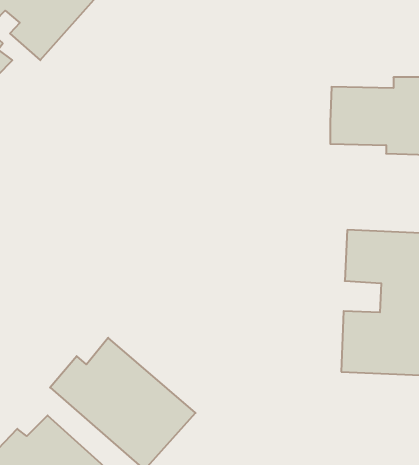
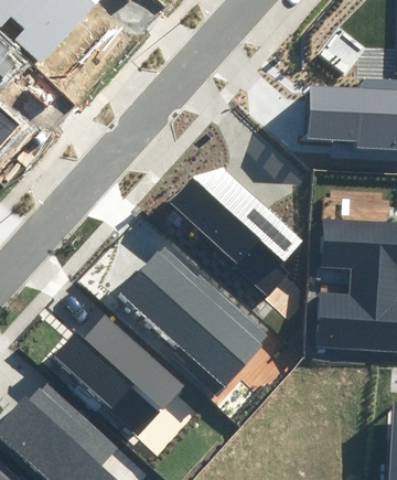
building: none -> [175,166,304,286]
building: none -> [118,246,266,390]

